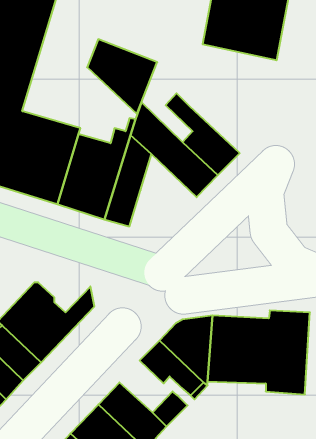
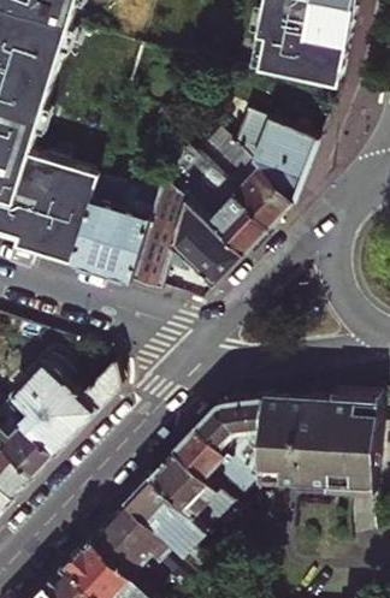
building: [87,39,157,114] -> [231,113,315,203]
building: none -> [172,205,240,286]
building: none -> [147,452,211,515]

